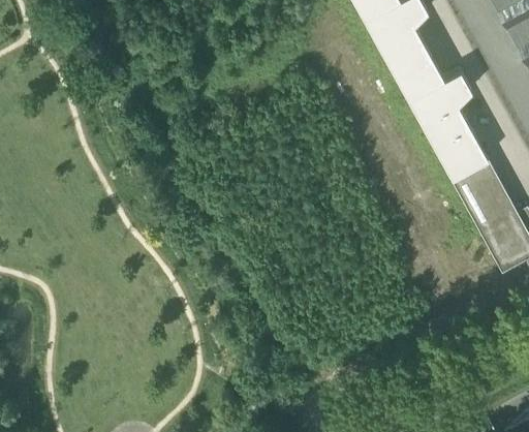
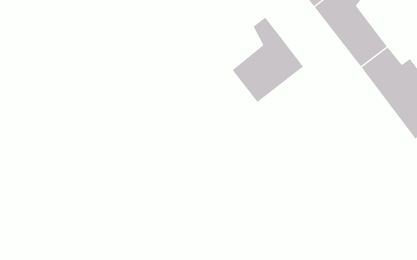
building: none -> [232,17,304,103]

